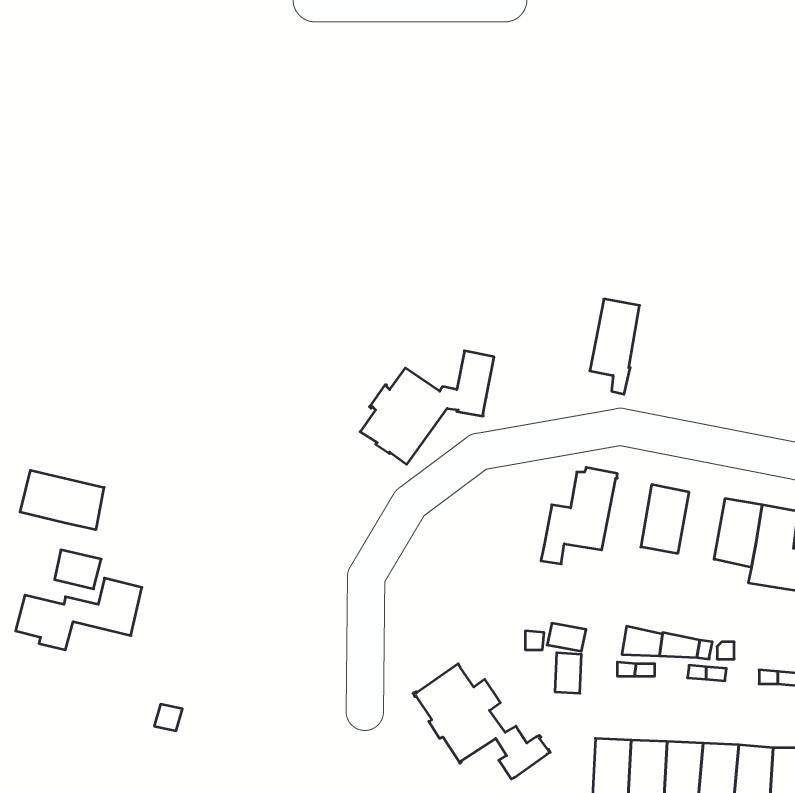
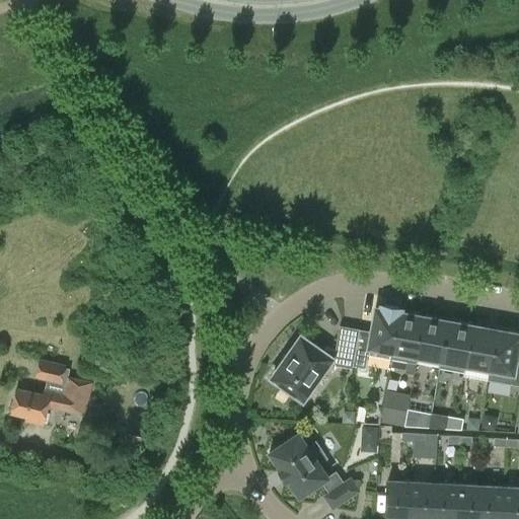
building: [590,299,640,394] -> [392,313,425,375]
building: [360,351,494,464] -> [273,326,360,400]
building: [20,470,104,530] -> none
building: none -> [440,322,472,373]
building: none -> [382,391,411,428]

